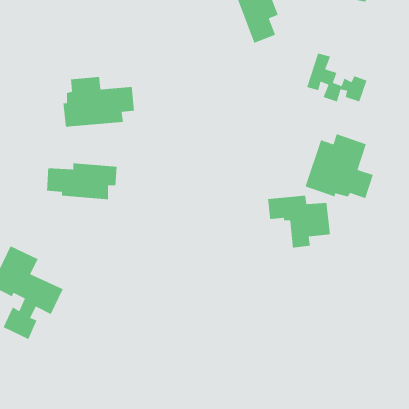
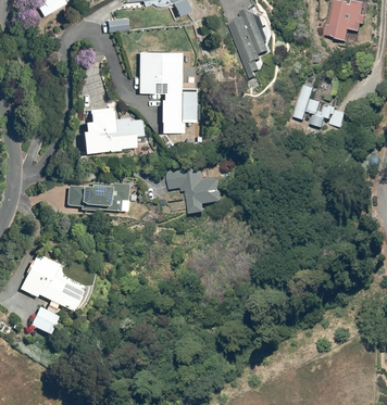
building: none -> [137,50,195,132]
building: [305,133,374,199] -> none
building: [267,195,331,249] -> [167,167,223,214]

